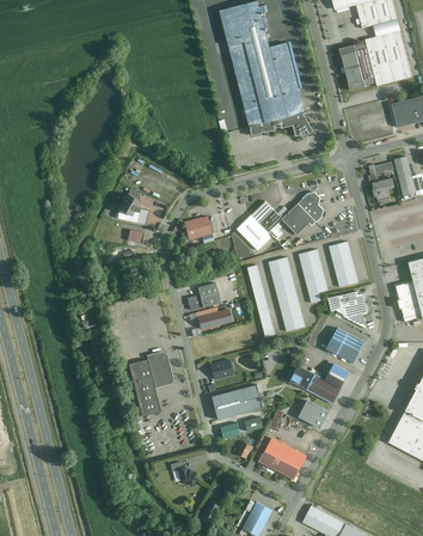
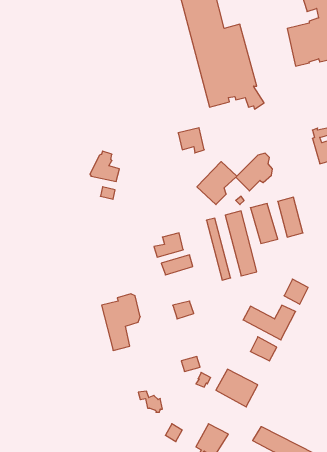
building: [184,214,214,243] -> [178,128,204,153]
building: [327,290,368,328] -> none
building: [210,380,263,416] -> none

